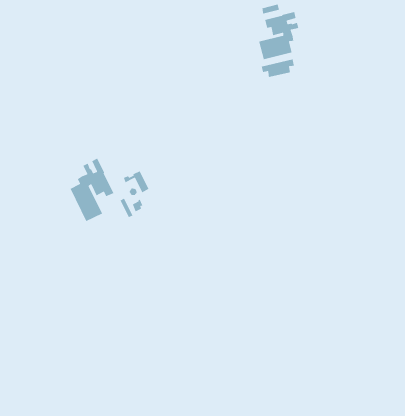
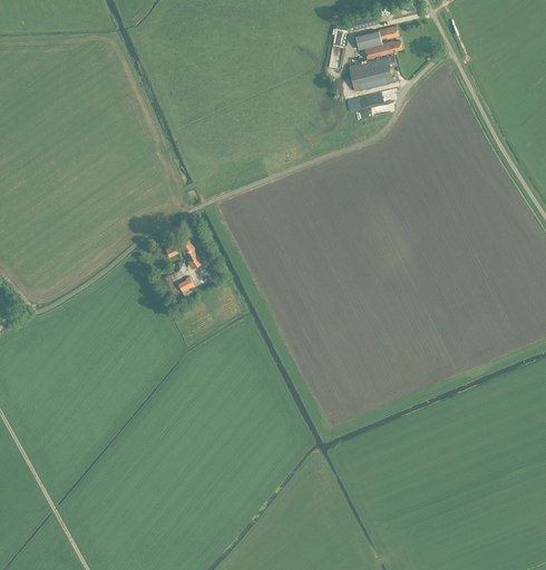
building: [70,157,114,222] -> none

